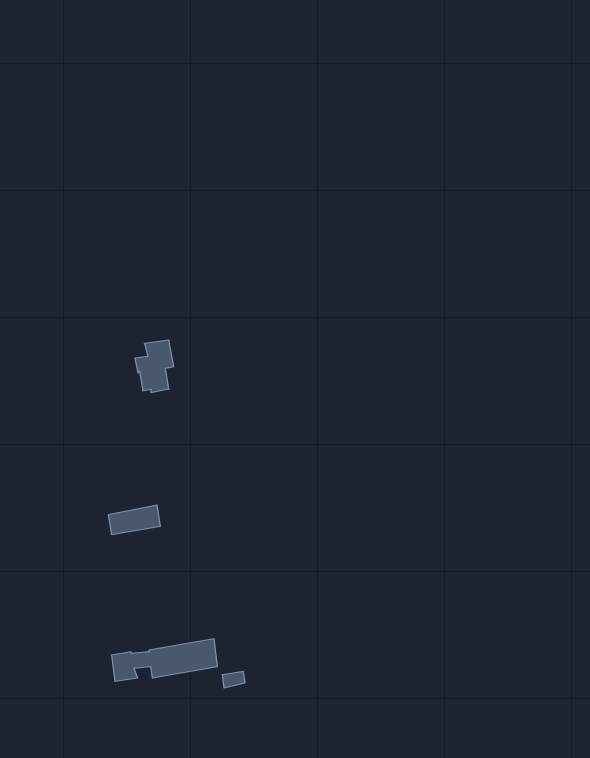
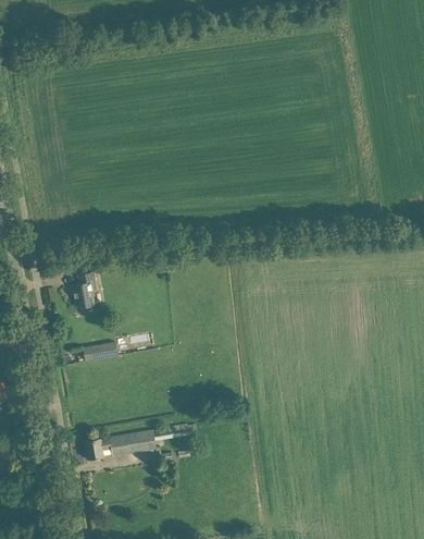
building: [135,340,174,392] -> [70,272,96,307]

